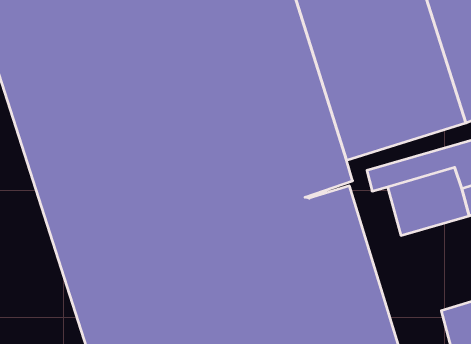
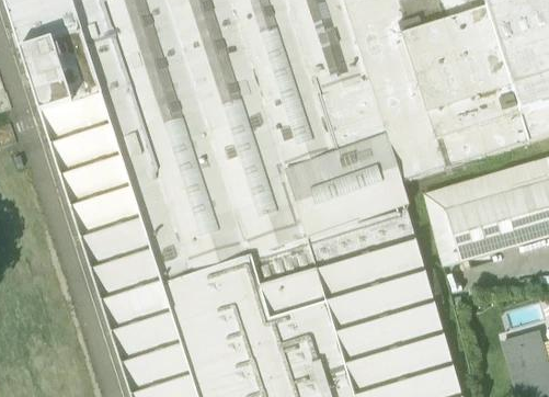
building: none -> [431,211,461,266]

